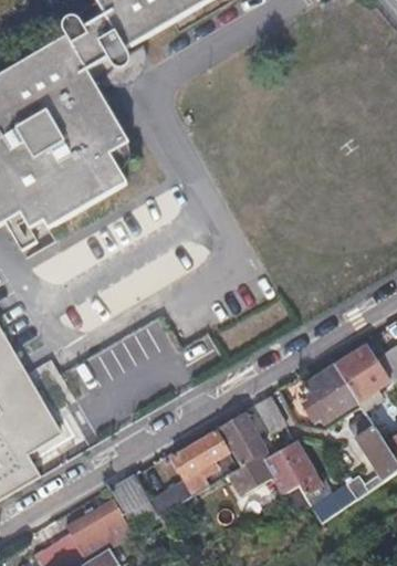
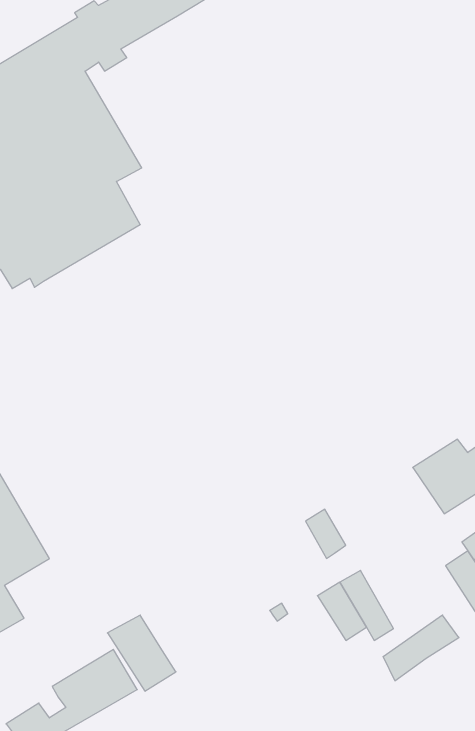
building: [301,365,355,420] -> none
building: [219,411,264,461] -> none
building: [146,430,224,516] -> none

